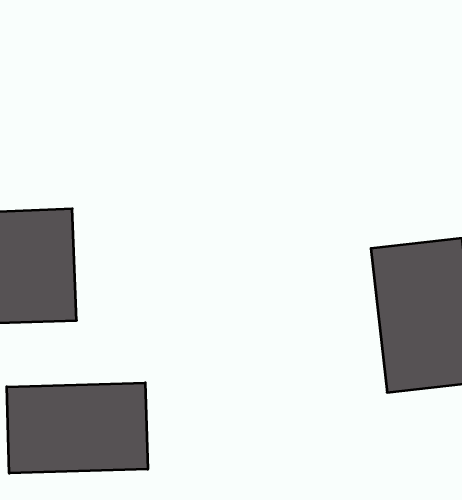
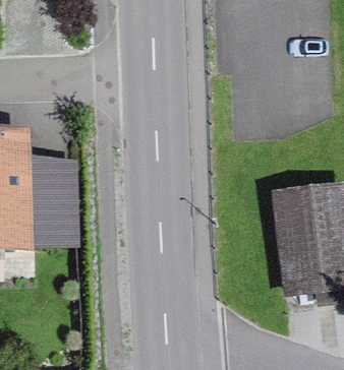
building: [7,383,148,473] -> none

